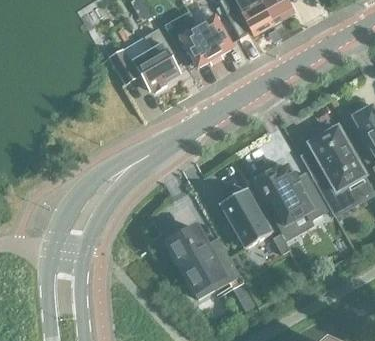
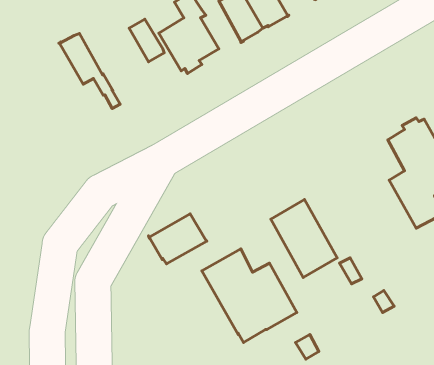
building: none -> [59,33,120,108]
building: [258,163,328,224] -> none
building: none -> [148,214,207,264]

